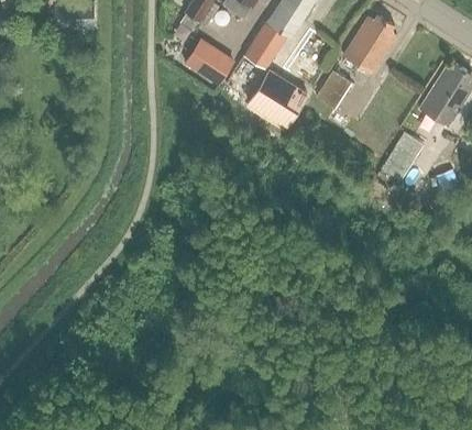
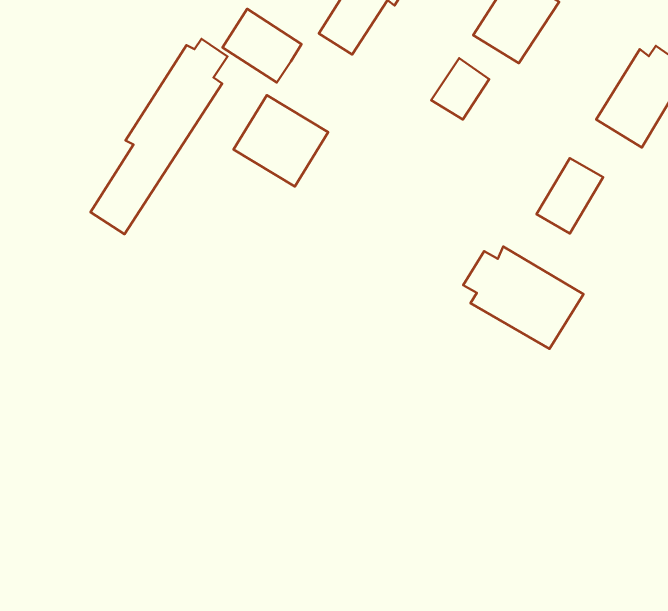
building: none -> [91,39,228,234]
building: [248,69,307,126] -> [233,95,328,186]
building: none -> [463,246,583,349]

